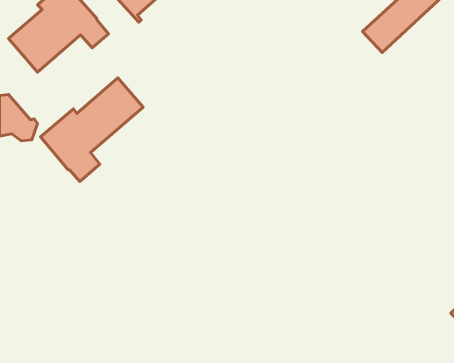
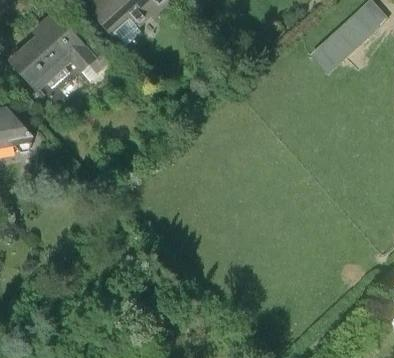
building: [41,78,143,181] -> none

